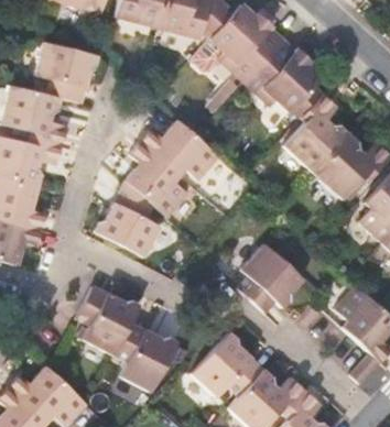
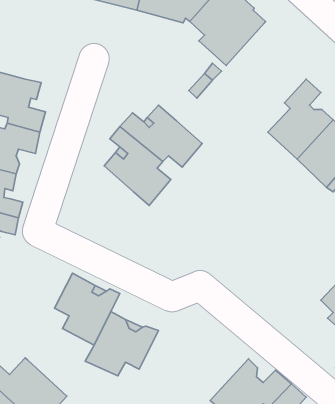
building: [243,40,322,118] -> none
building: [37,42,101,103] -> none
building: [93,179,160,258] -> none
building: [238,243,303,313] -> none
building: [192,331,266,398] -> none

